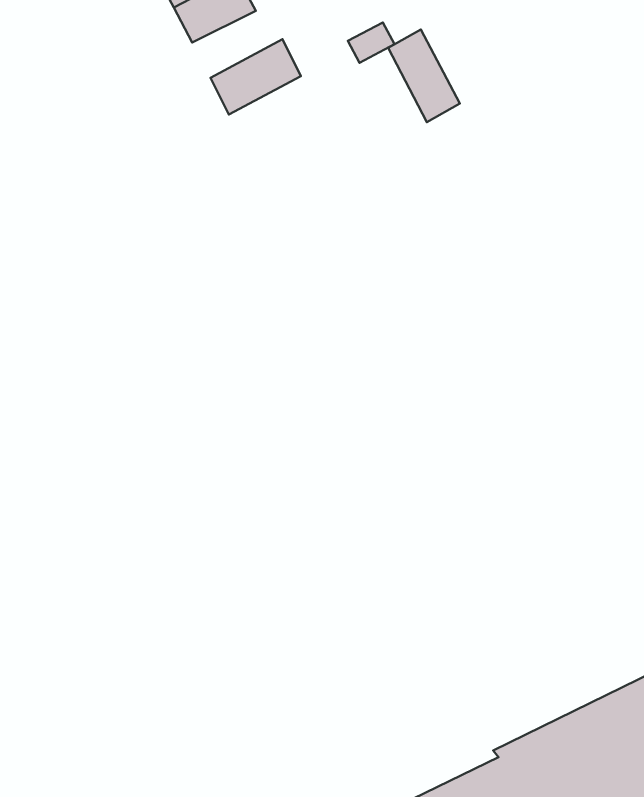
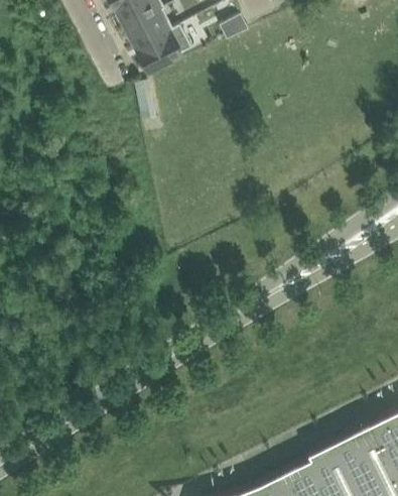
building: none -> [125,11,179,51]
building: [388,30,460,122] -> none

